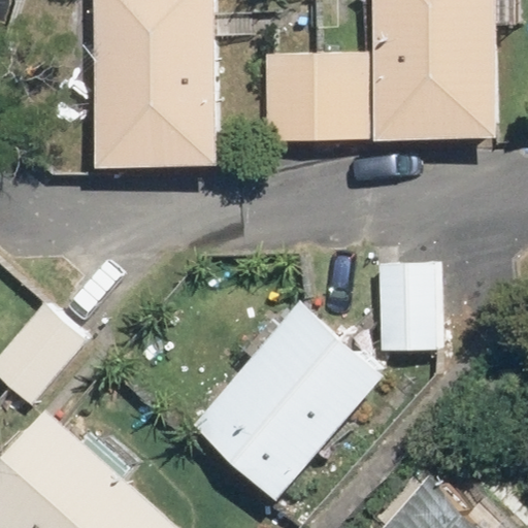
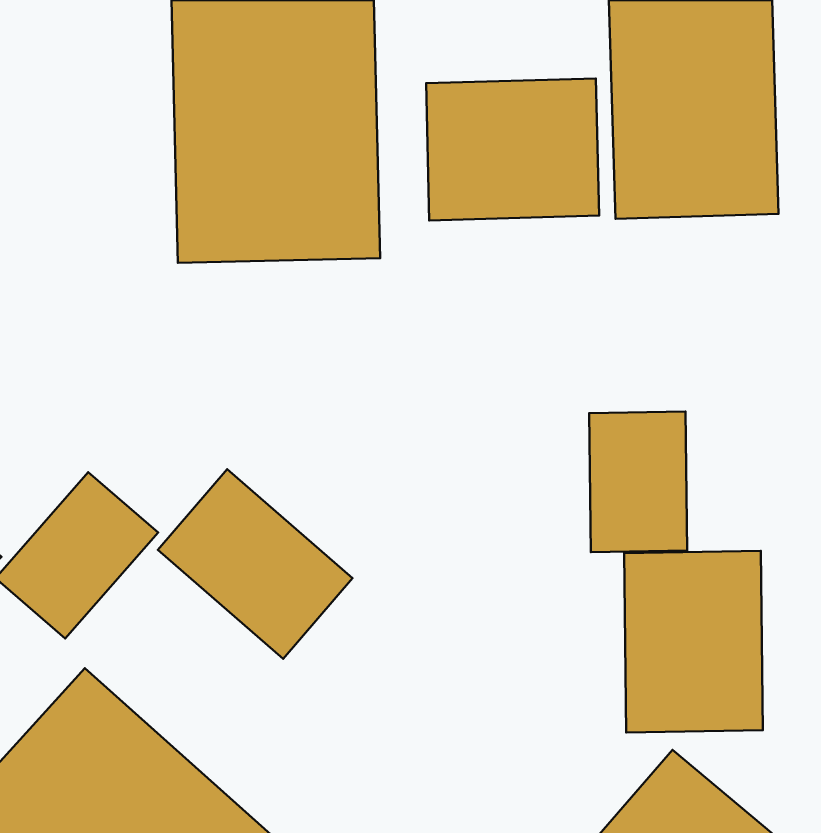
building: none -> [158,469,352,659]
building: [187,301,381,500] -> none
building: none -> [624,551,763,733]

